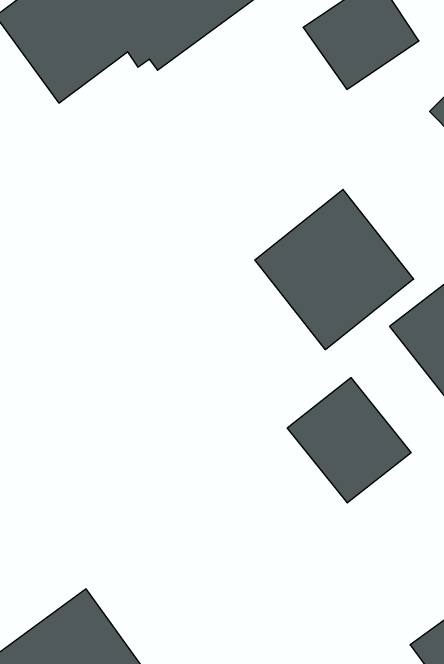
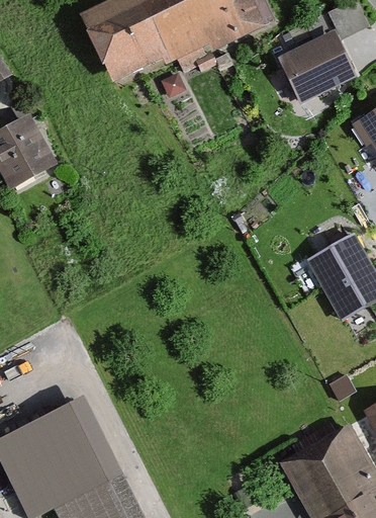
building: [255,189,414,350] -> none
building: [287,378,411,503] -> none

